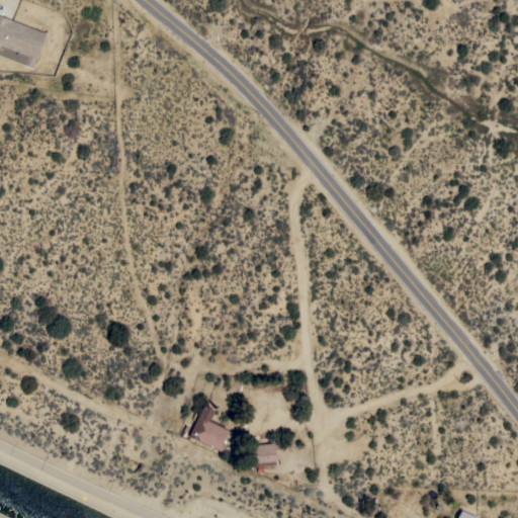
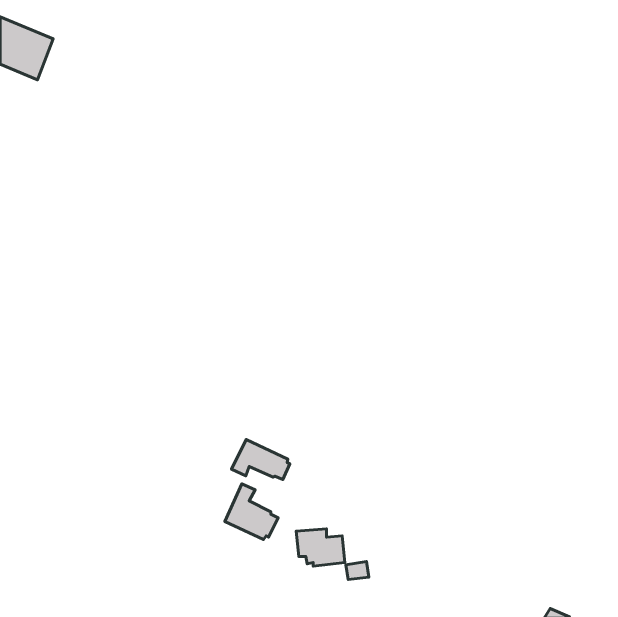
building: none -> [232,440,290,480]

